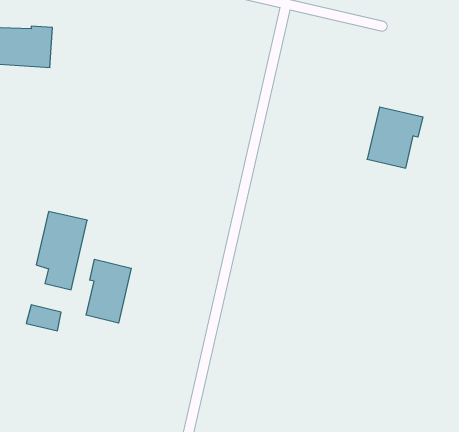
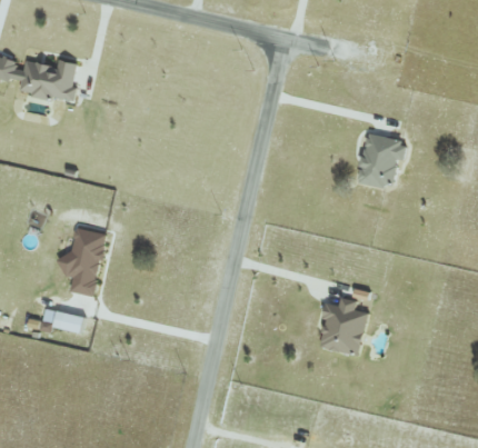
building: [86,259,131,323] -> none
building: none -> [318,297,369,357]

